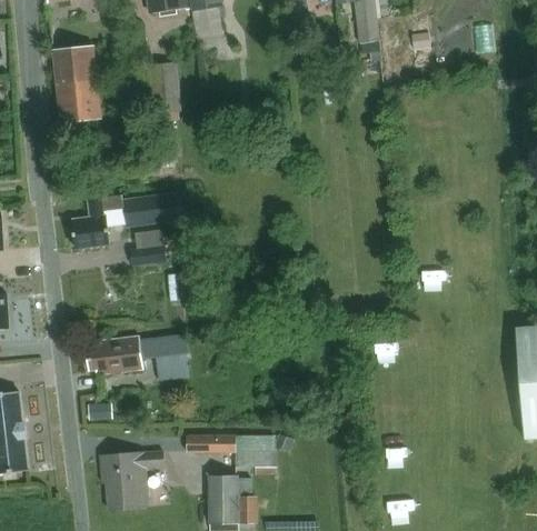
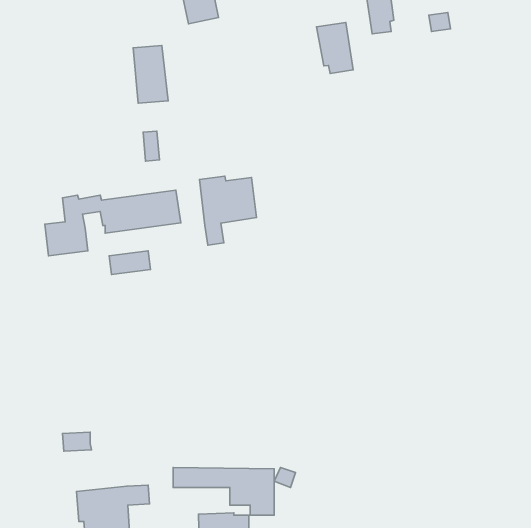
building: none -> [317,23,353,74]
building: [53,44,101,120] -> none
building: none -> [199,176,257,245]
building: [87,333,190,377] -> none

